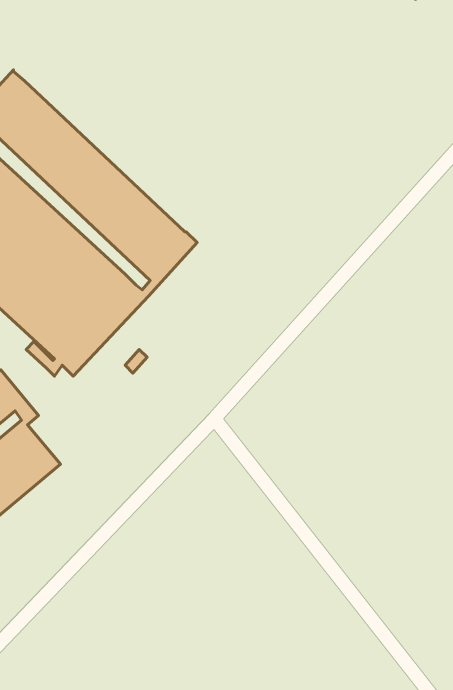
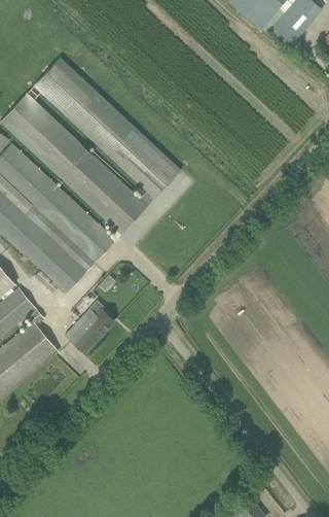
building: none -> [33,56,180,205]
building: none -> [65,300,114,352]

